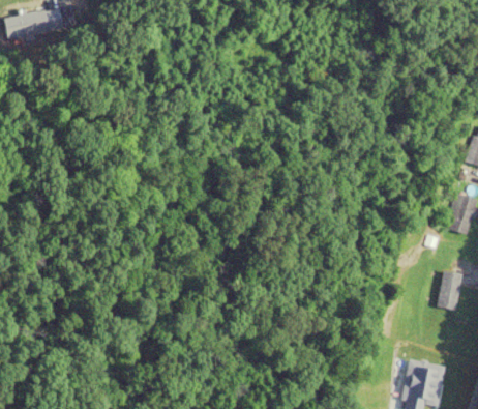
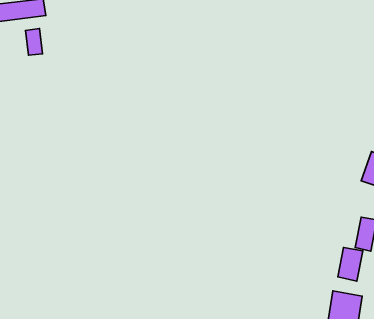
building: none -> [25,28,42,55]
building: none -> [338,247,363,281]

